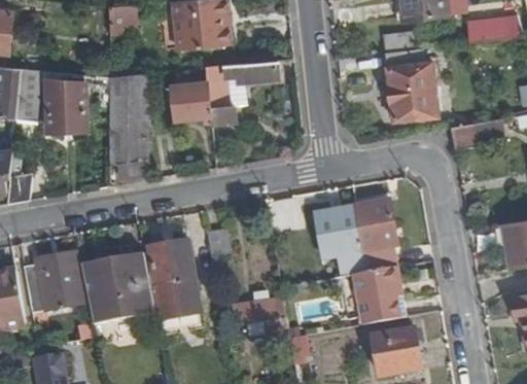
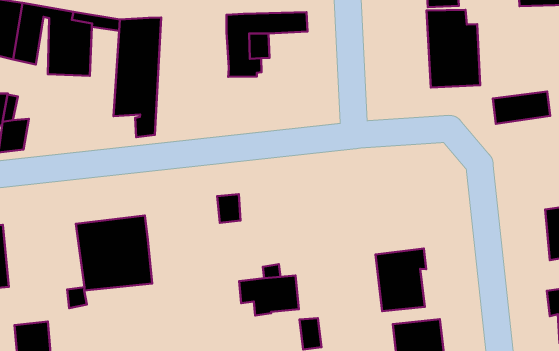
building: [172,82,210,118] -> none
building: [315,200,397,273] -> none
building: [147,240,200,318] -> none
building: [23,251,84,312] -> none

